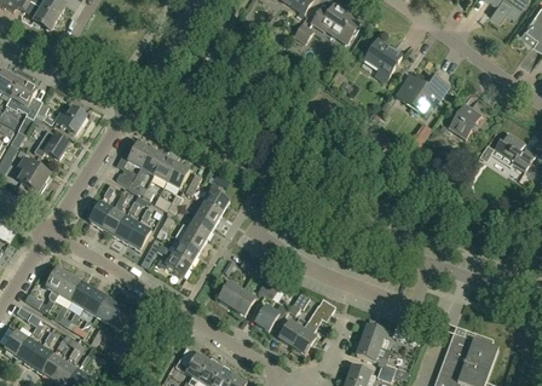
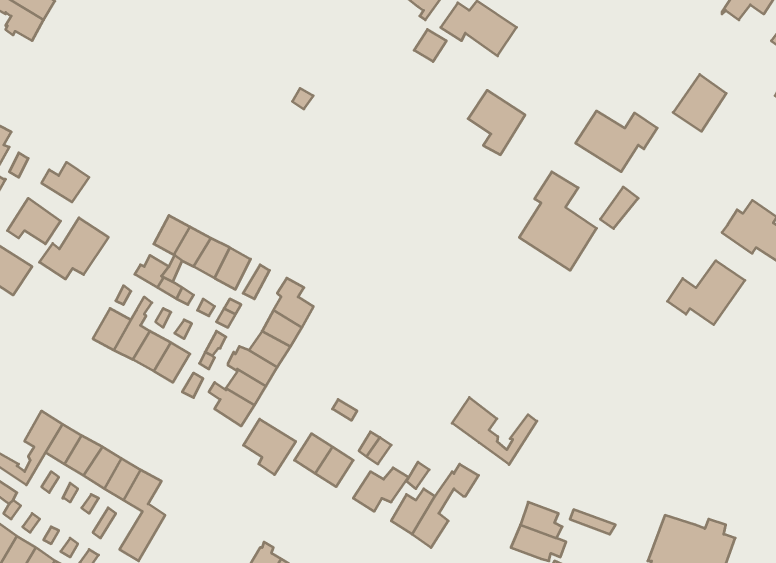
building: [364,38,400,79] -> [468,90,525,155]
building: [446,100,480,137] -> [673,74,726,131]
building: none -> [519,172,597,270]
building: none -> [39,218,108,279]
building: none -> [667,261,745,325]
building: none -> [452,397,537,465]
building: none -> [243,419,296,475]

